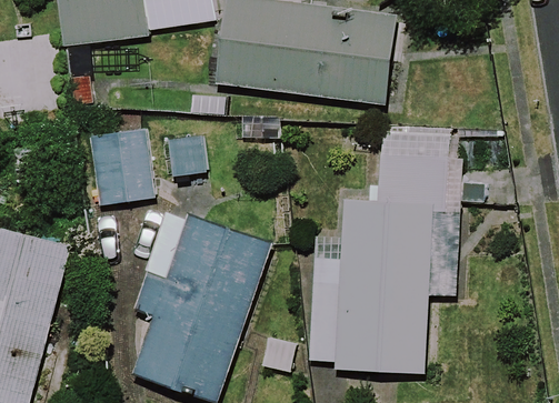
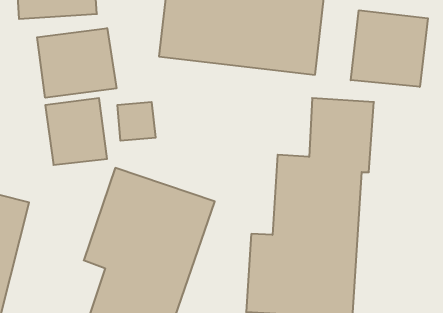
building: none -> [351,10,428,87]
building: none -> [37,28,116,98]

